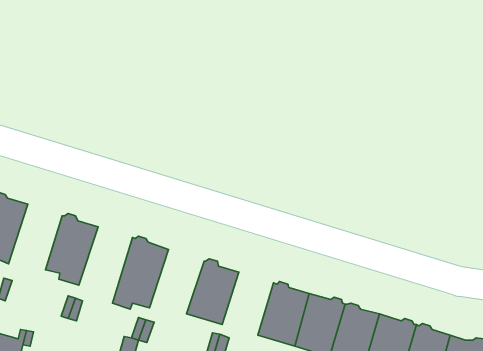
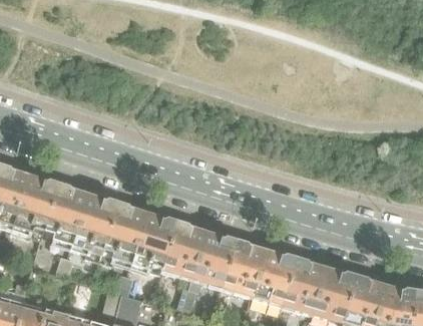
building: none -> [11,178,57,239]
building: none -> [71,197,116,261]
building: none -> [130,216,176,272]
building: none -> [191,235,235,288]

